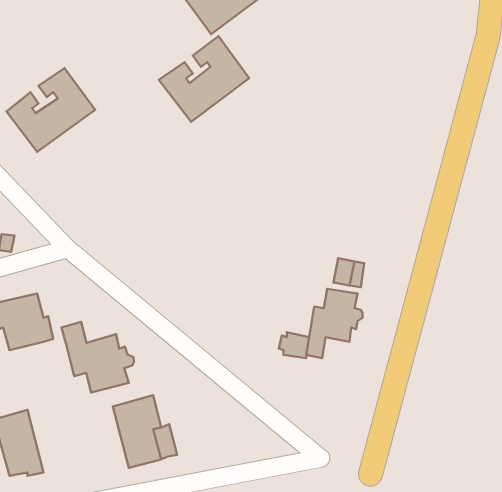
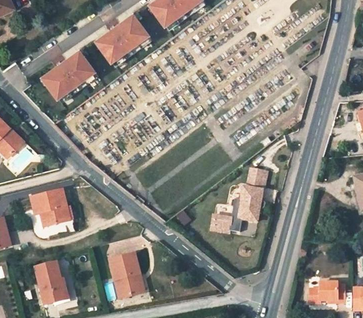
building: [159,36,249,122] -> [95,14,151,67]
building: [61,322,134,392] -> none
building: none -> [308,282,345,302]

